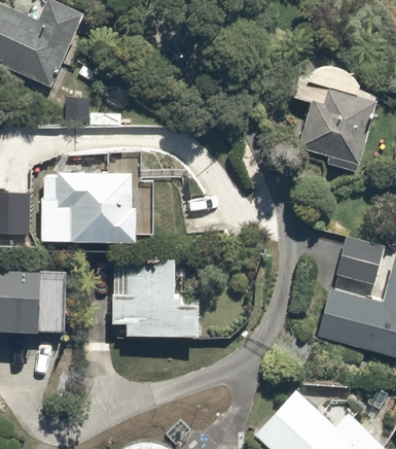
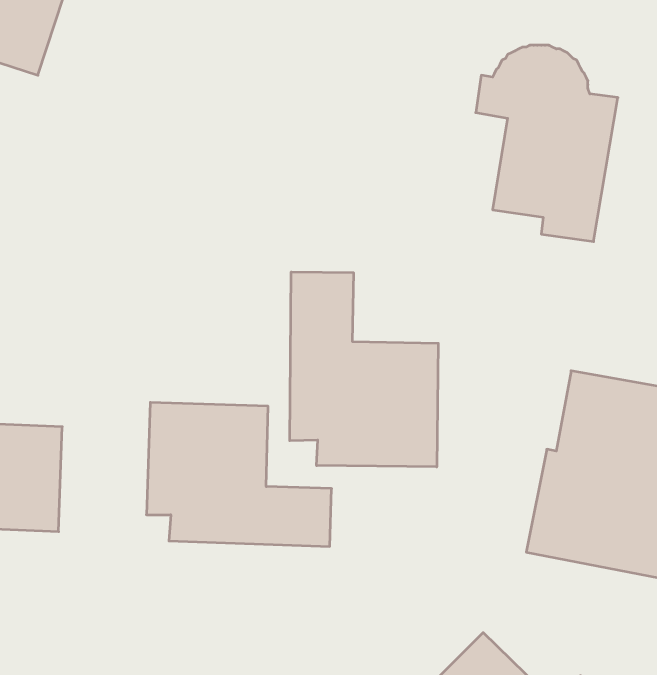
building: [43,173,154,244] -> none
building: none -> [290,272,438,467]

